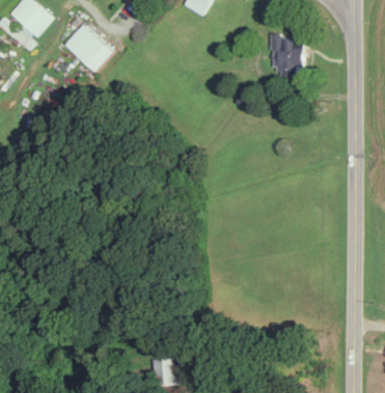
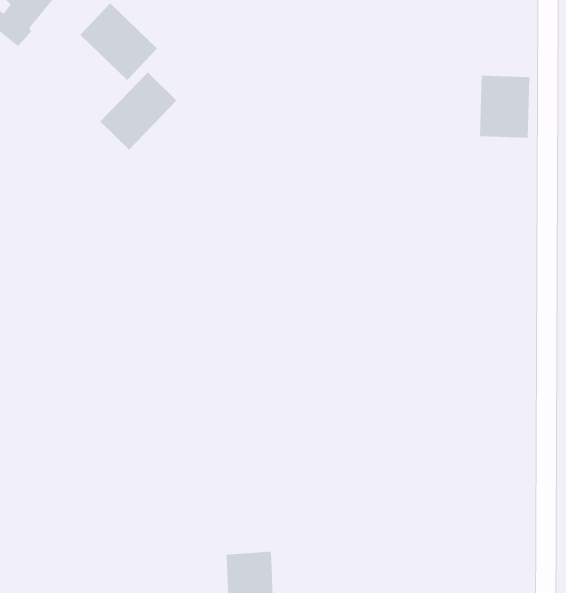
building: [271,37,302,76] -> [479,75,530,138]
building: none -> [99,71,177,151]

